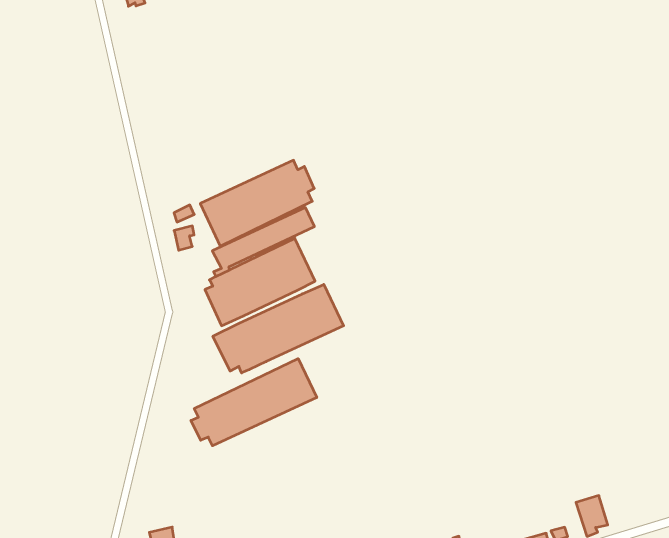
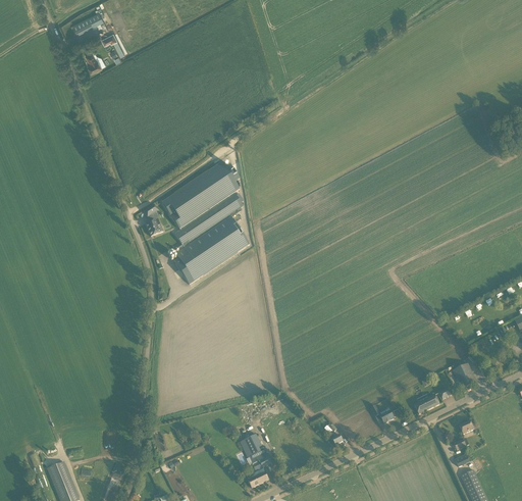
building: [213,284,344,373] -> none
building: [191,359,317,446] -> none

